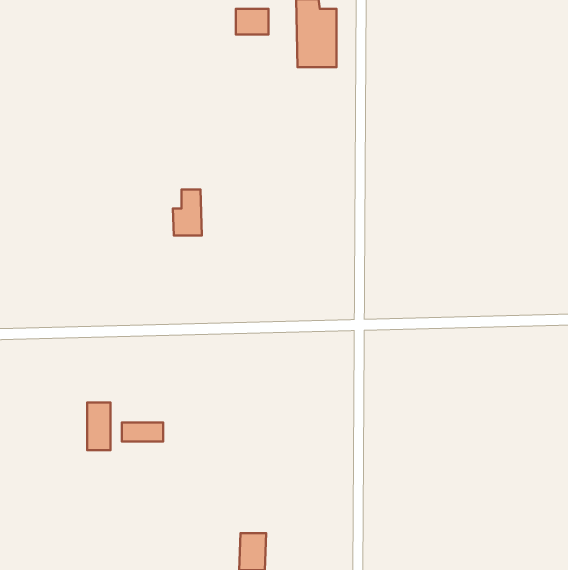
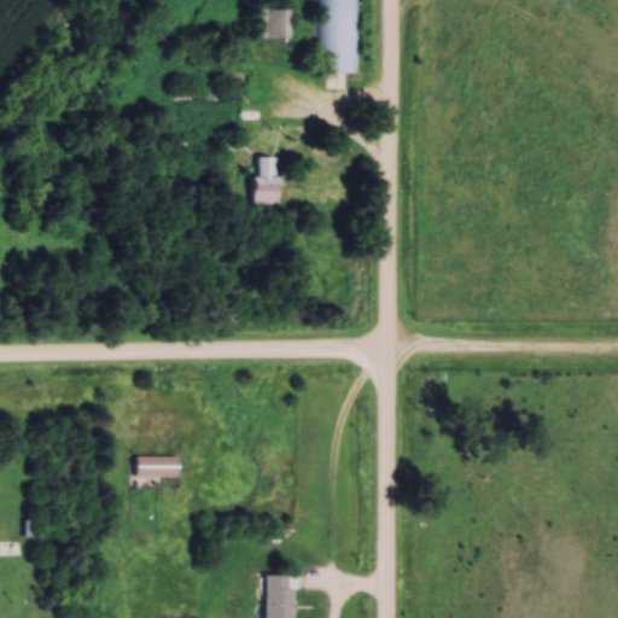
building: [173,190,202,235] -> [249,156,280,205]
building: [87,402,110,450] -> none

